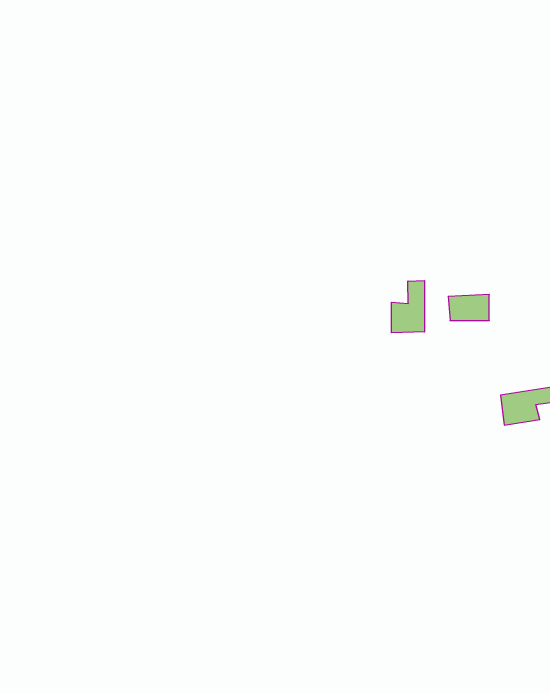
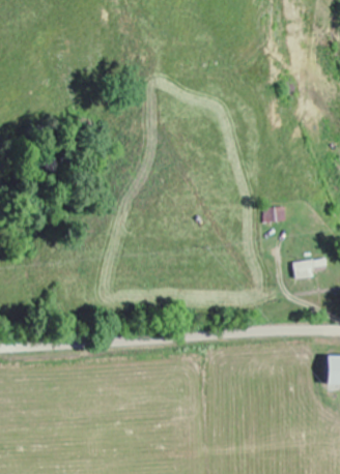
building: [391,281,424,333] -> none

